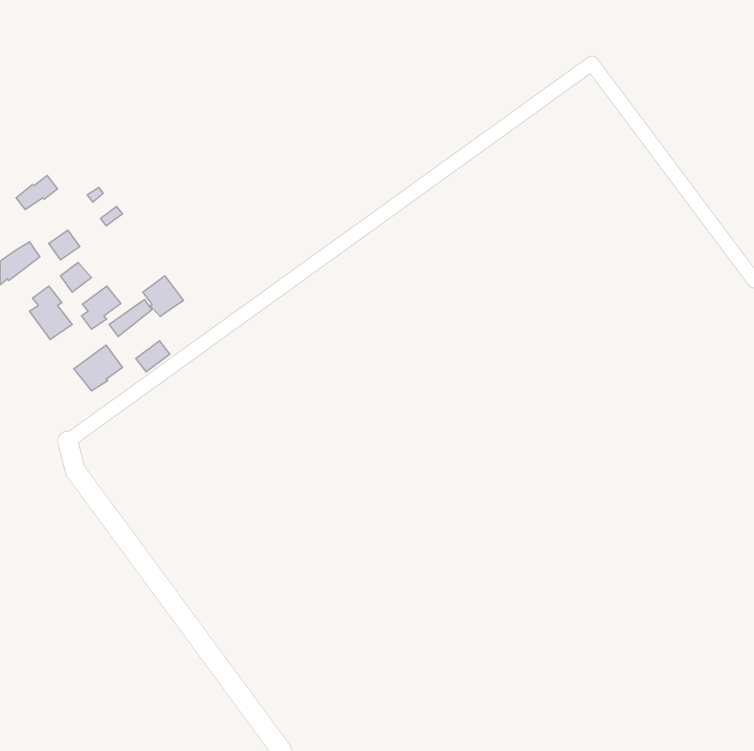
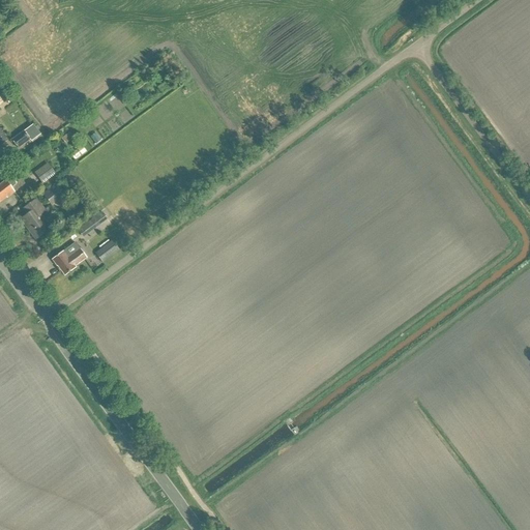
building: [143,276,183,317] -> none
building: [81,286,121,329] -> none

